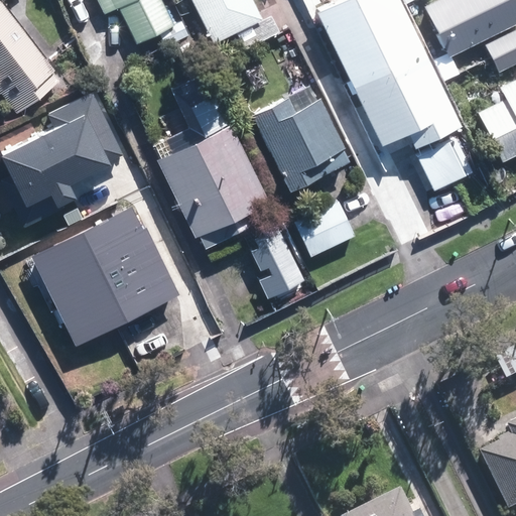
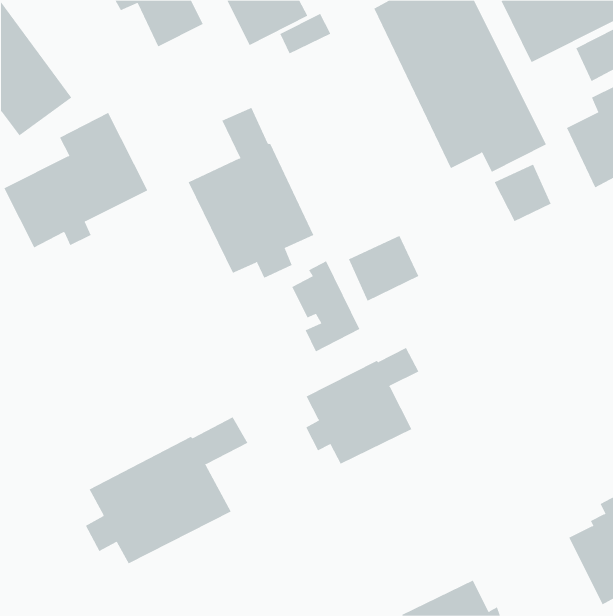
building: [251,85,351,189] -> none
building: [31,231,173,367] -> none
building: none -> [306,347,419,465]
building: none -> [85,416,248,564]

